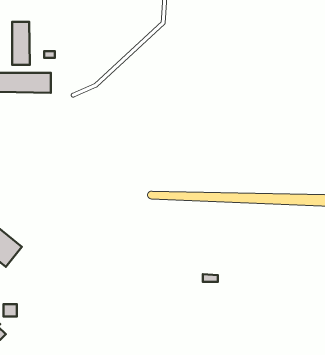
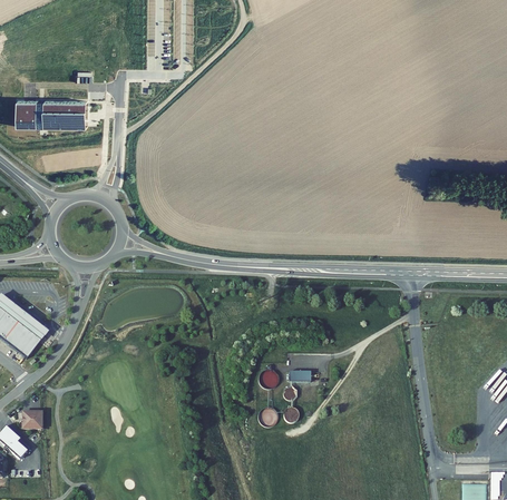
building: [12,22,30,65] -> none

